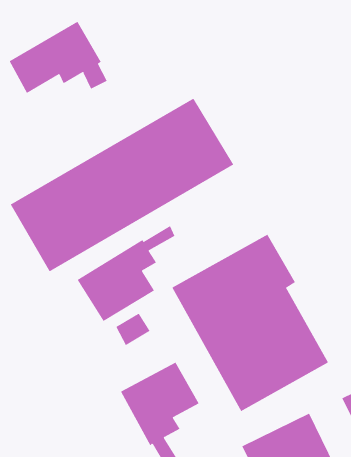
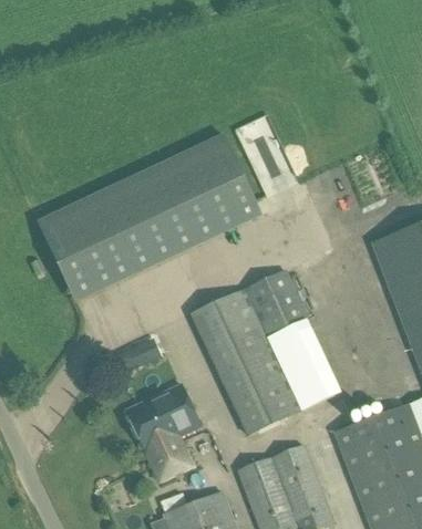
building: [9,21,107,94] -> none
building: [77,225,175,322] -> none

